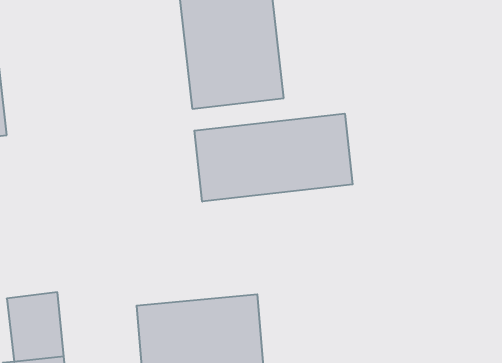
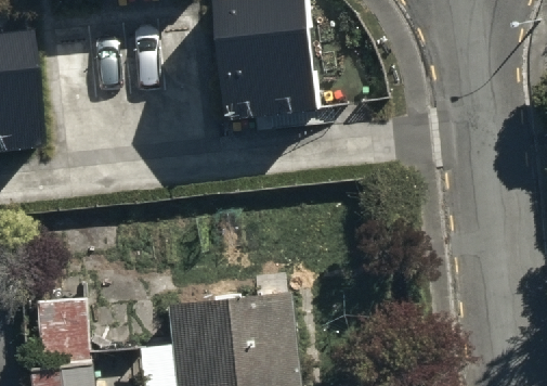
building: [194,114,353,202] -> none

